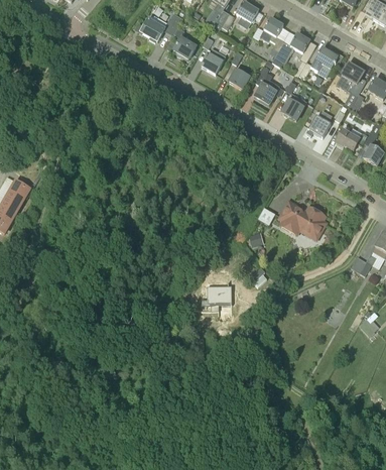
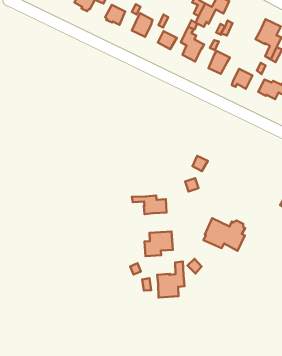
building: [313,46,338,78] -> none
building: [278,201,325,238] -> [203,218,245,251]
building: none -> [132,195,167,214]
building: none -> [157,262,184,297]

